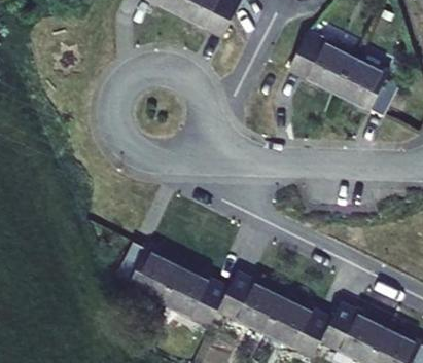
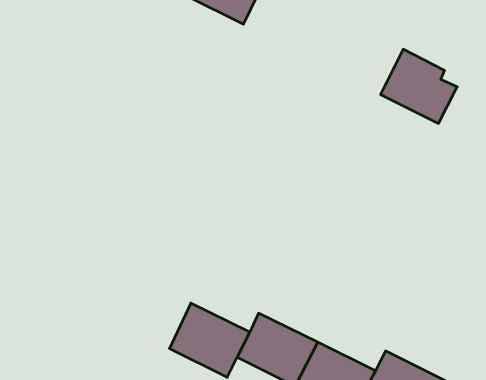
building: [288,34,354,95] -> none
building: [118,242,180,302] -> none

